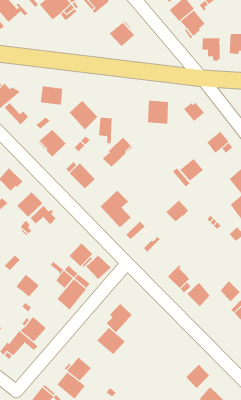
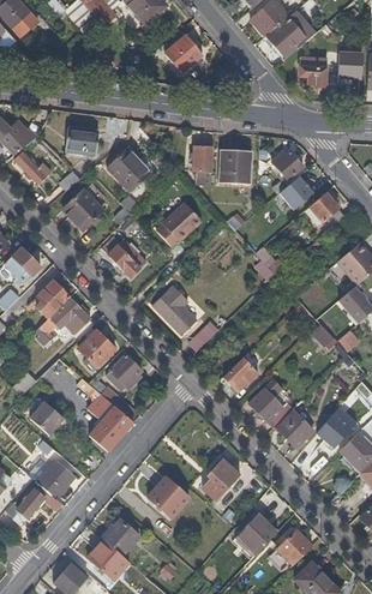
building: [98,117,112,144] -> [192,144,212,182]
building: [180,158,204,181] -> [280,175,314,209]
building: [166,200,189,222] -> [223,359,257,391]
building: [86,255,111,280] -> [78,331,115,367]
building: [106,303,133,333] -> [200,457,239,500]
building: none -> [234,511,275,554]

